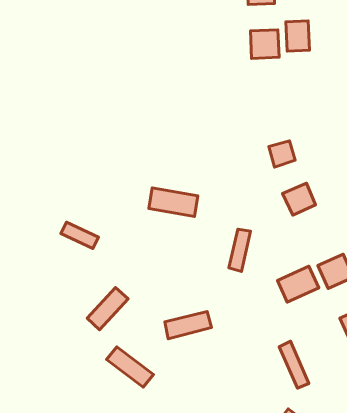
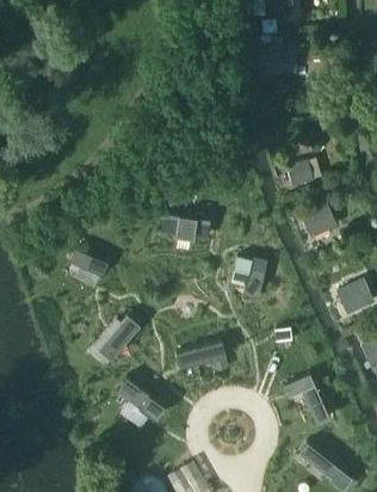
building: [286,21,309,51] -> none
building: [277,266,319,302] -> none

